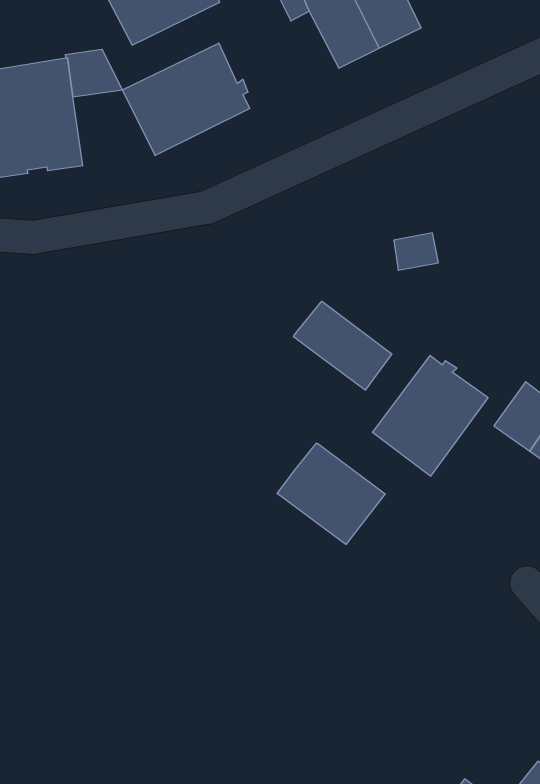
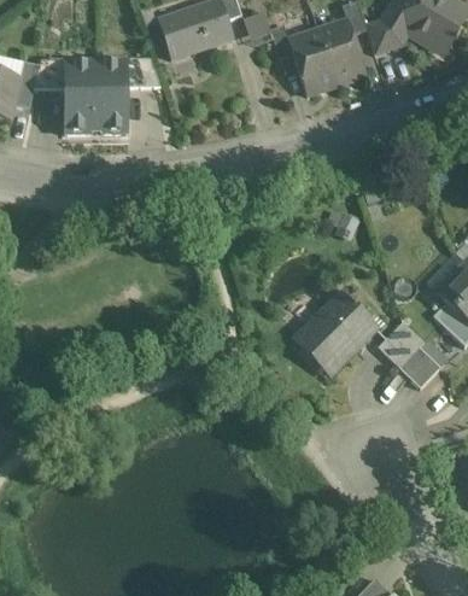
building: [122,43,250,156] -> none
building: [294,301,392,390] -> none
building: [277,443,385,544] -> none

